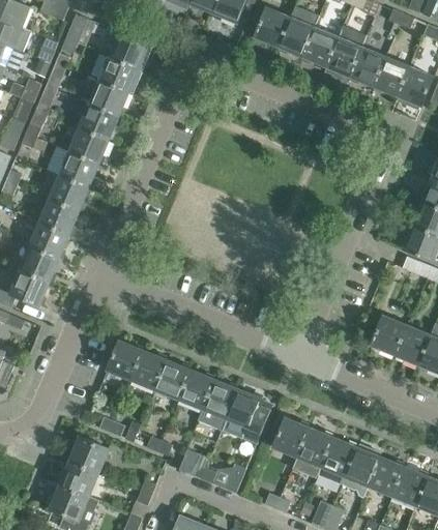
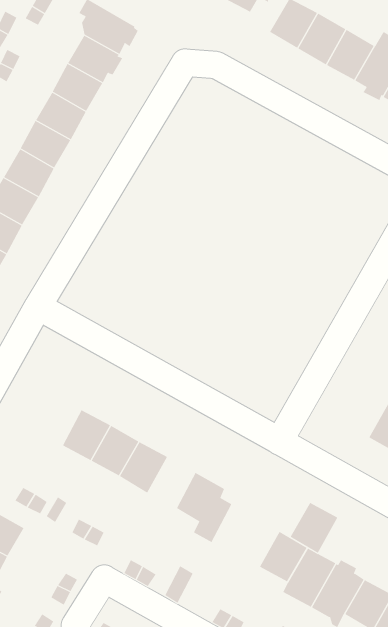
building: [107,340,142,380] -> none
building: [197,379,237,430] -> none
building: [272,417,309,457] -> [290,502,338,553]

